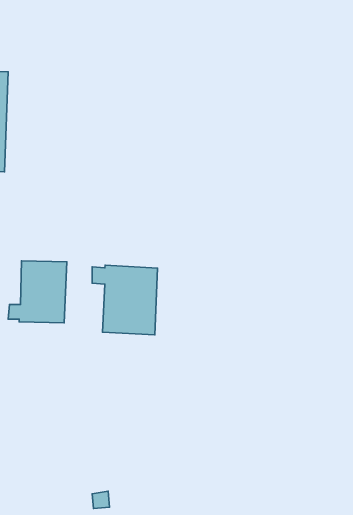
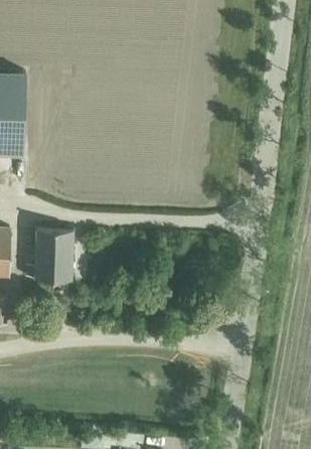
building: [92,265,158,335] -> none

